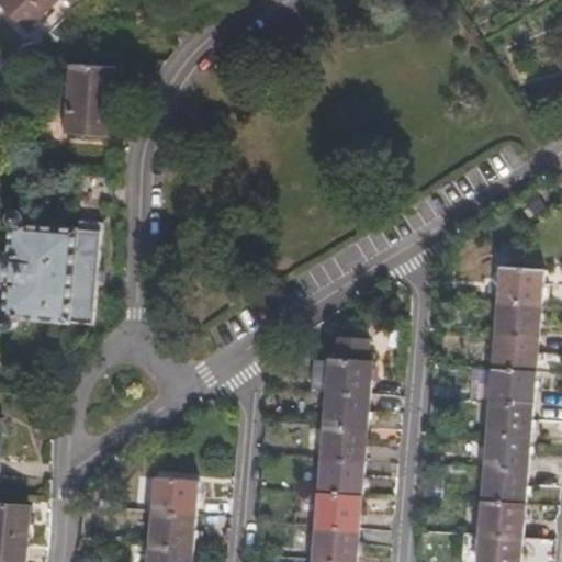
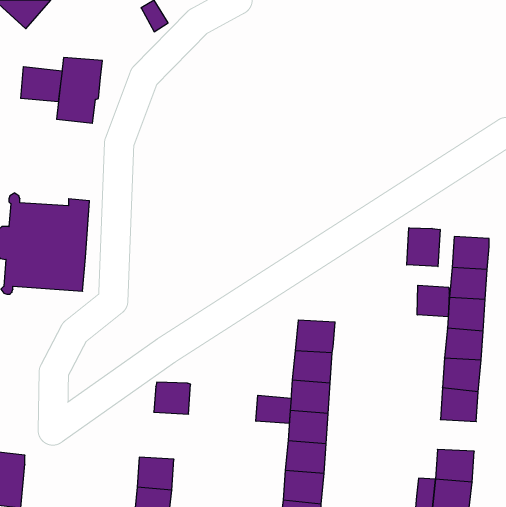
building: none -> [21,67,62,102]
building: none -> [407,228,440,267]
building: none -> [417,285,449,317]
building: none -> [256,395,291,423]
building: [483,464,526,499] -> none
building: [154,473,194,508] -> [154,382,191,414]

